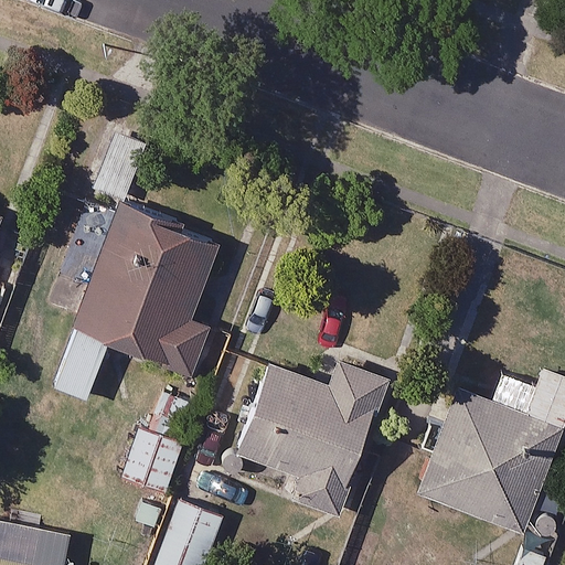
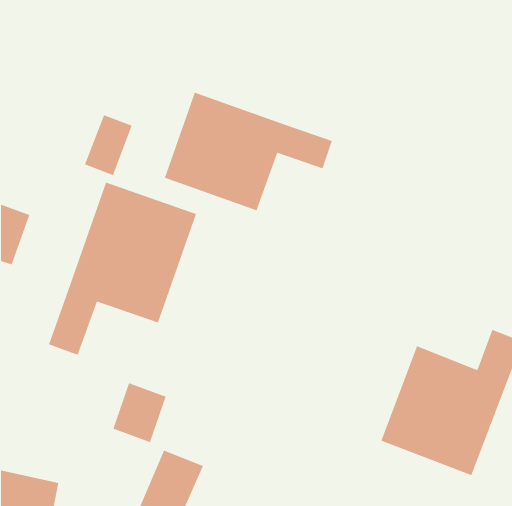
building: none -> [164,92,333,211]
building: [239,359,381,513] -> none

